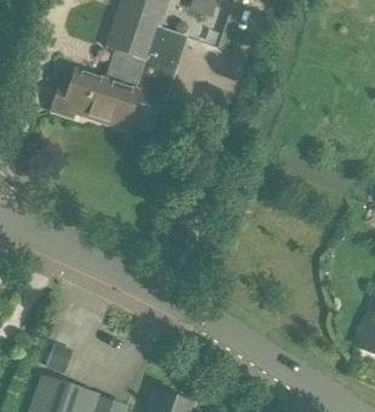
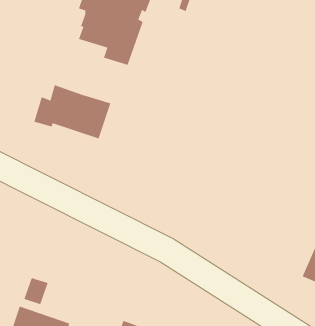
building: [52,69,138,129] -> [34,85,111,139]

